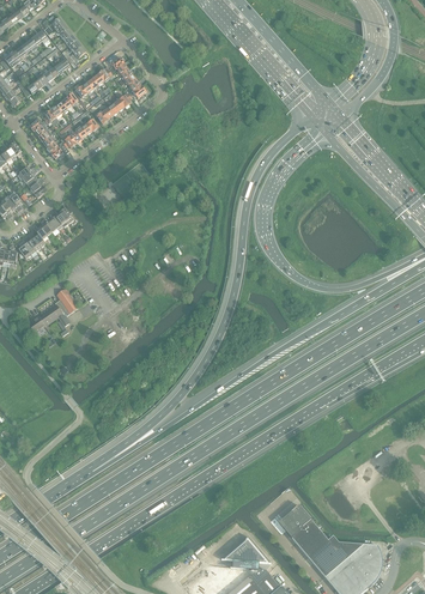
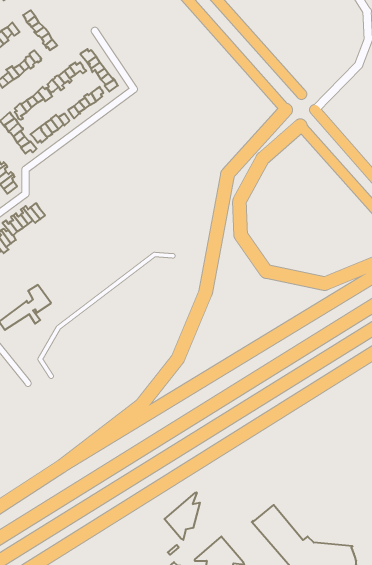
building: none -> [164,492,200,540]

